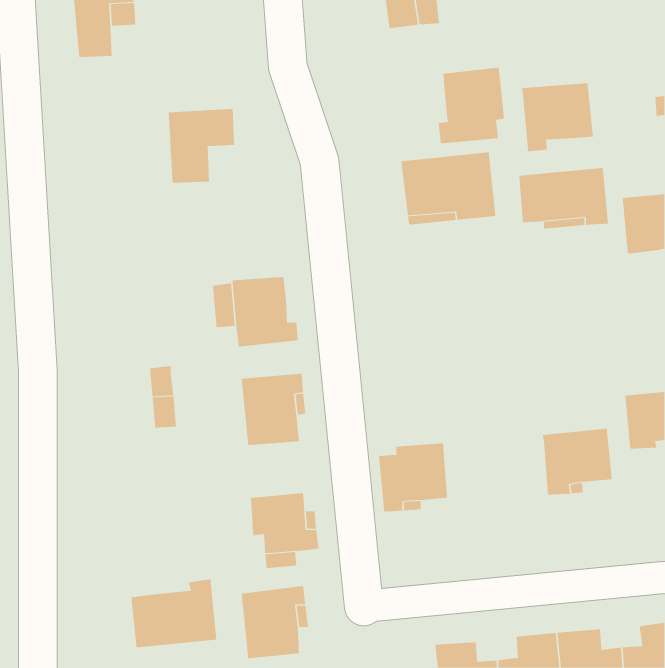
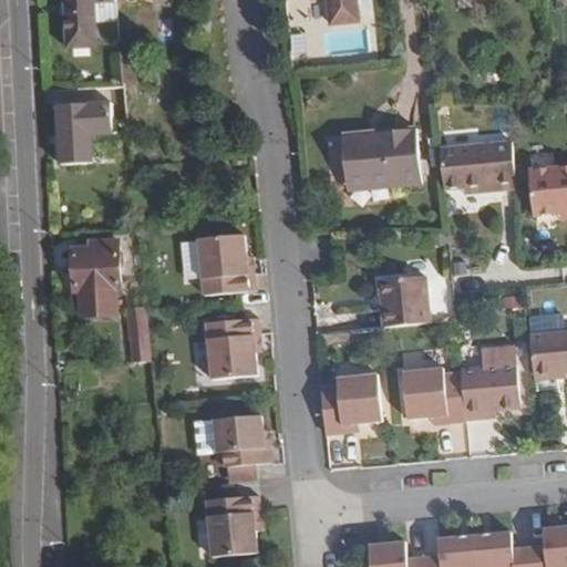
building: [438,67,504,144] -> none
building: [522,82,594,152] -> none
building: [168,108,235,183] -> [56,101,113,164]
building: none -> [72,241,120,317]
building: none -> [379,276,430,327]
building: none -> [400,369,463,422]
building: [131,579,217,648] -> none

